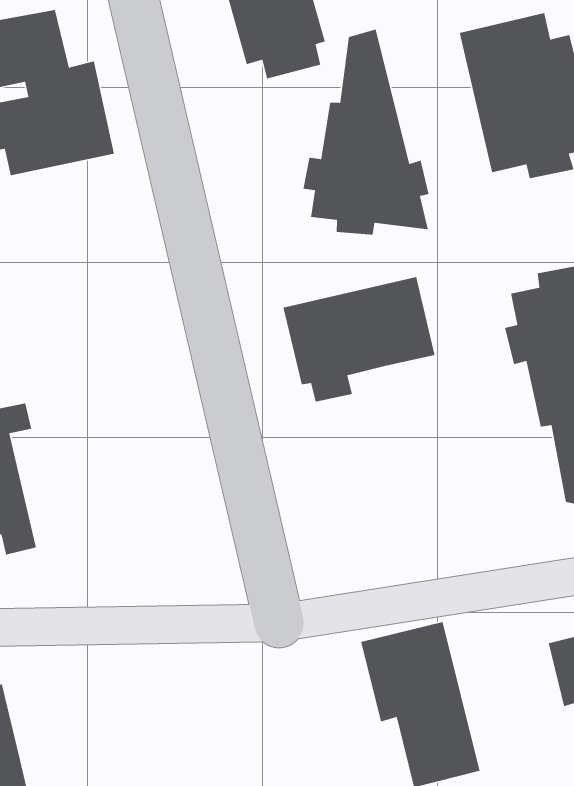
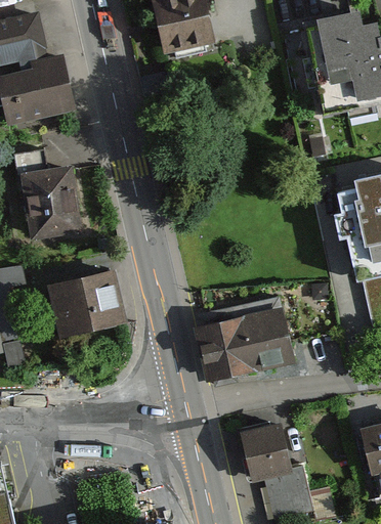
building: [303,29,429,236] -> none
building: none -> [16,162,81,238]
building: [282,276,436,402] -> [192,303,292,386]
building: none -> [46,260,125,337]

